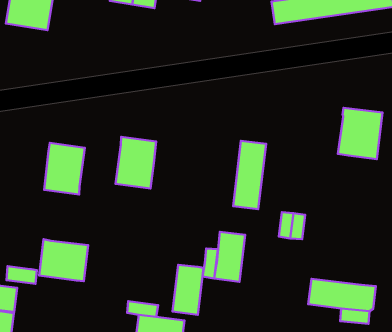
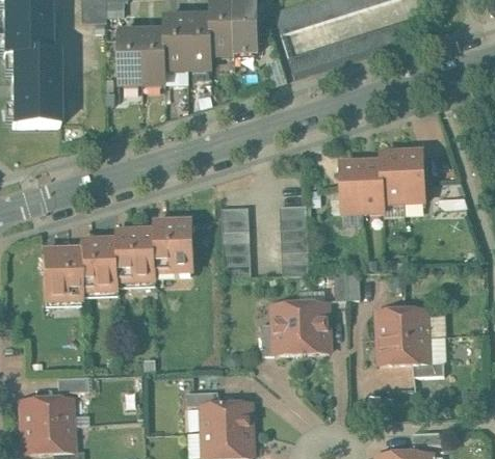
building: none -> [340,161,384,212]
building: none -> [222,206,251,276]
building: none -> [116,230,156,280]
building: none -> [42,248,81,299]
building: [39,239,88,281] -> none
building: none -> [374,307,429,336]
building: [173,265,204,315] -> [299,301,329,352]

